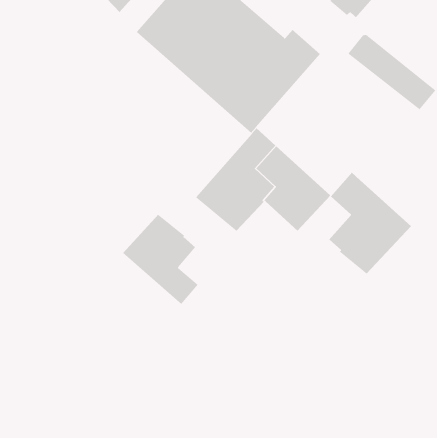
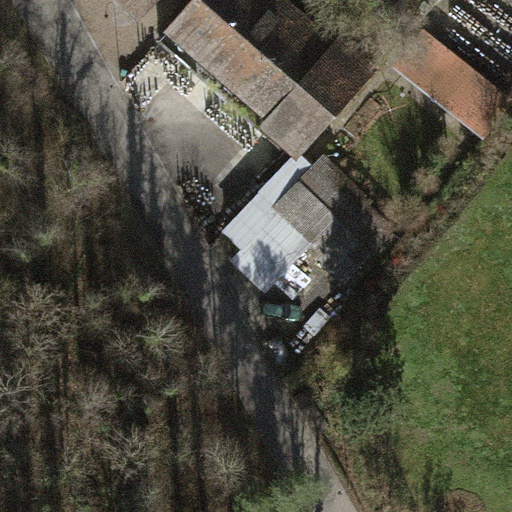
building: [329,172,412,275] -> none
building: [122,214,198,305] -> none

